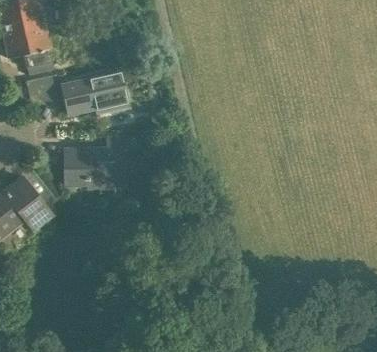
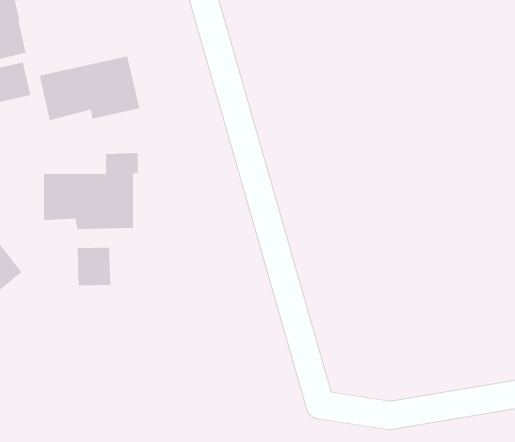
building: none -> [77,247,111,286]

